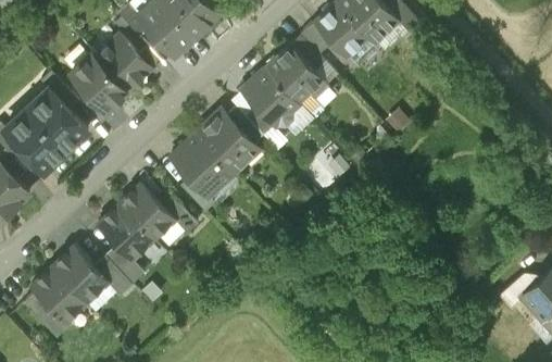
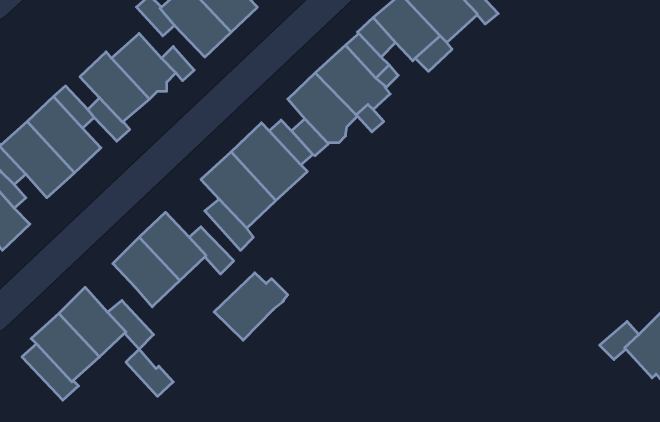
building: none -> [214,273,288,340]
building: [105,246,145,285] -> [126,349,173,396]

